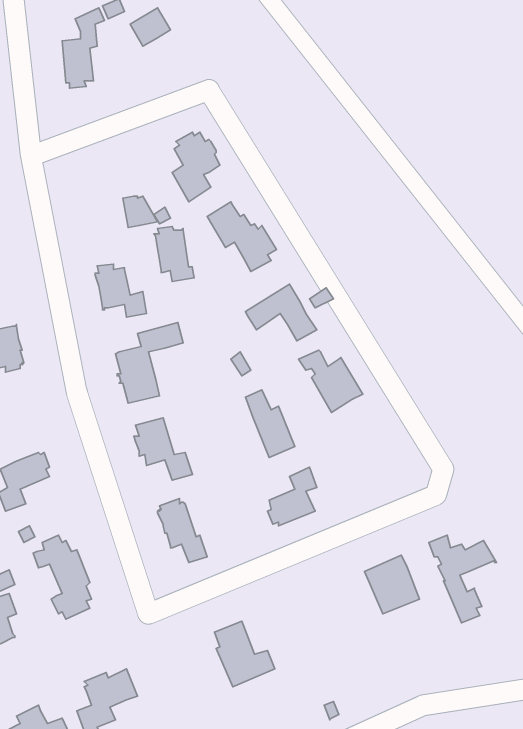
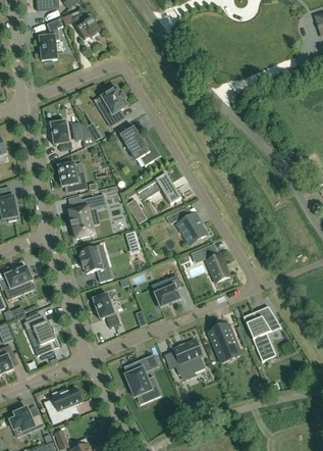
building: [154,227,194,282] -> [50,119,72,150]
building: [245,390,295,457] -> [203,245,230,283]
building: none -> [172,340,205,374]

